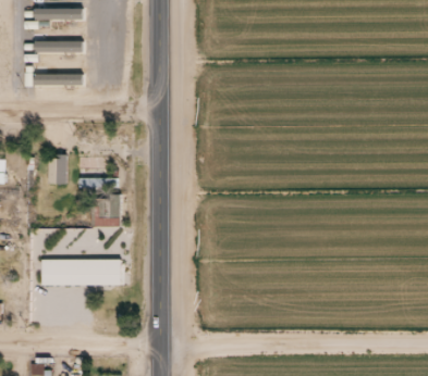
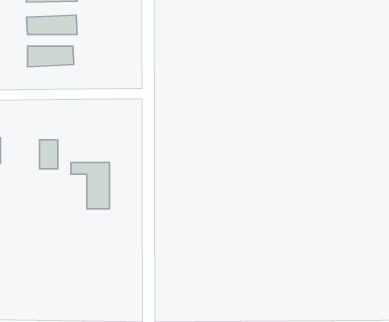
building: [40,258,123,276] -> none

